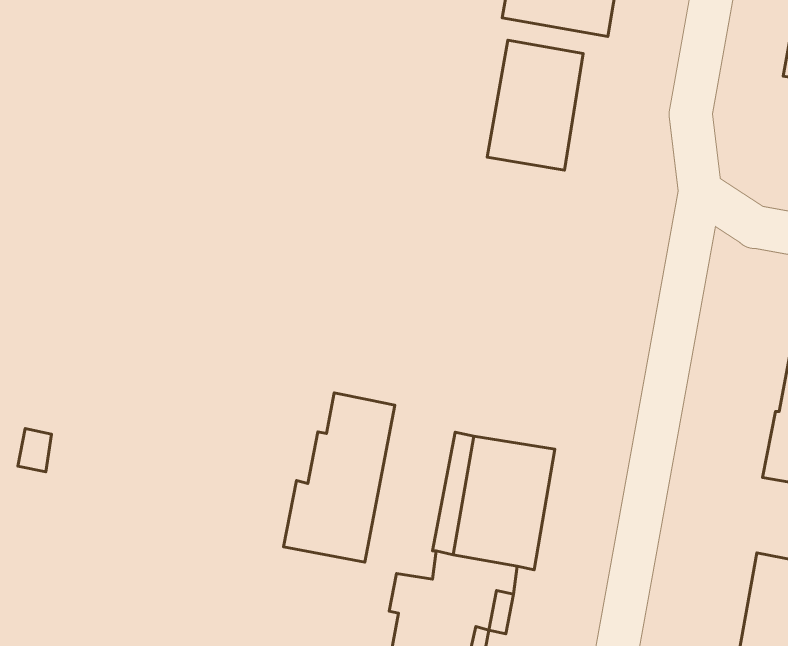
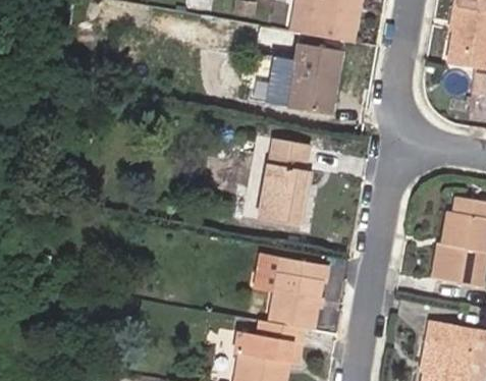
building: none -> [268,56,295,106]
building: none -> [256,138,311,226]
building: [283,393,395,562] -> none

